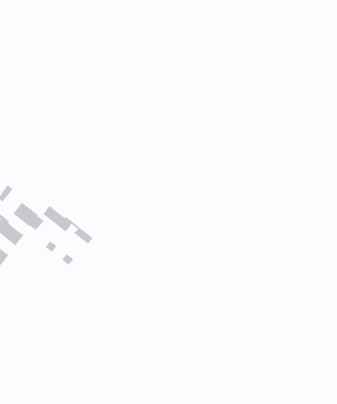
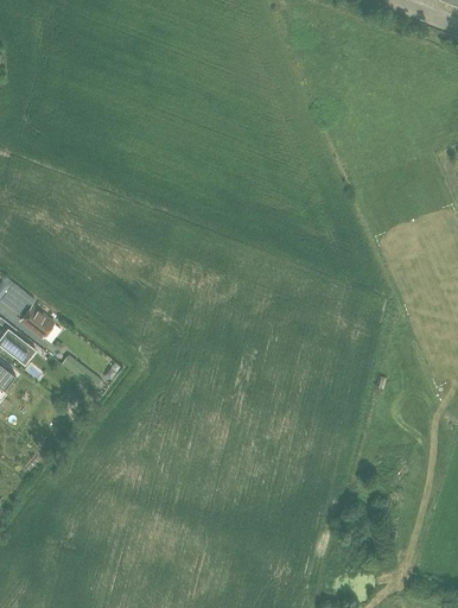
building: [42,205,94,245] -> none

